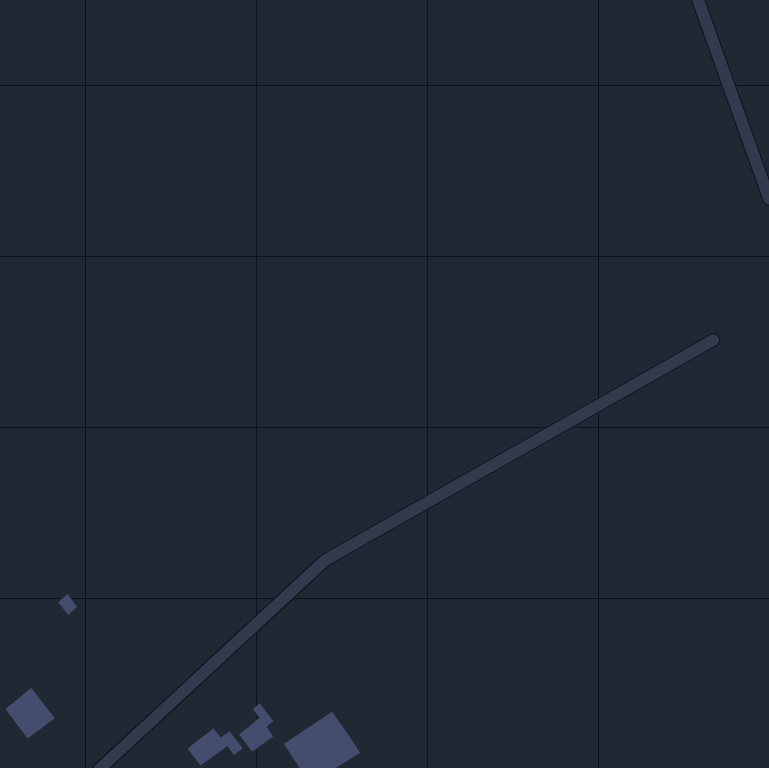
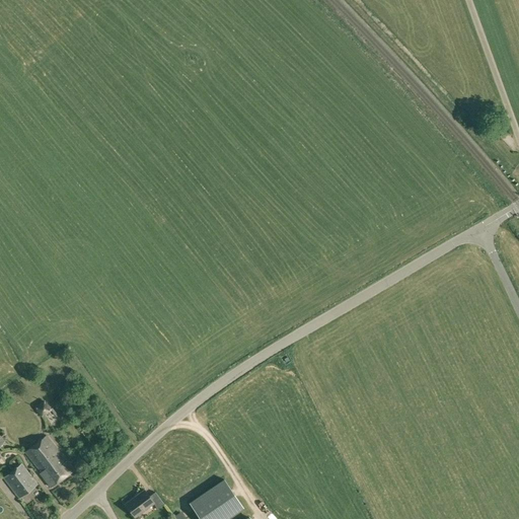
building: none -> [25,436,73,488]
building: [238,703,274,753] -> none

